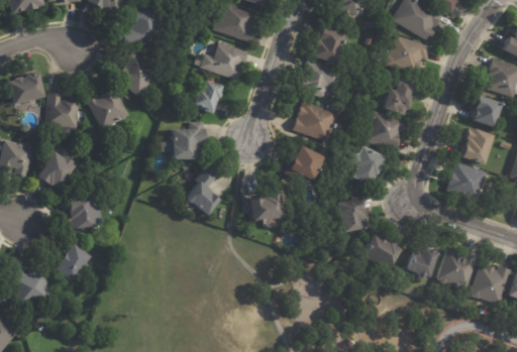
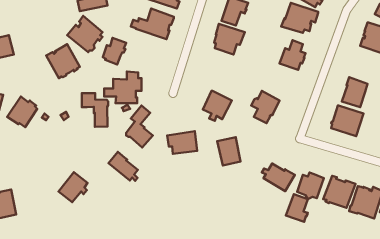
building: [195,80,224,113] -> [103,38,126,65]
building: [45,92,80,135] -> none
building: [469,95,500,127] -> none
building: [291,101,337,142] -> none
building: [363,111,403,151] -> none
building: none -> [82,93,108,127]
building: [67,197,95,230] -> none
building: [333,199,363,234] -> [217,137,241,165]
building: none -> [109,152,138,181]
building: [56,243,92,280] -> [59,172,88,202]
building: none -> [286,194,308,222]

